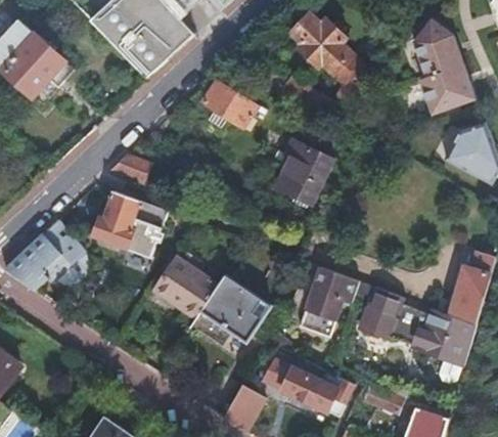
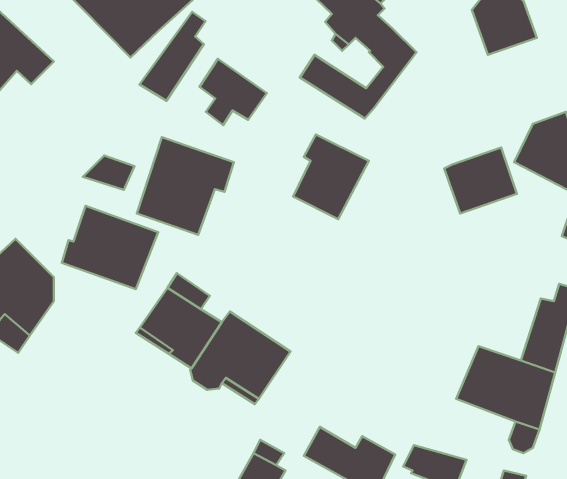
building: none -> [140,12,206,101]
building: [417,63,473,115] -> [444,147,517,214]
building: none -> [137,137,234,235]
building: [299,267,359,337] -> none
building: [358,286,416,343] -> none

